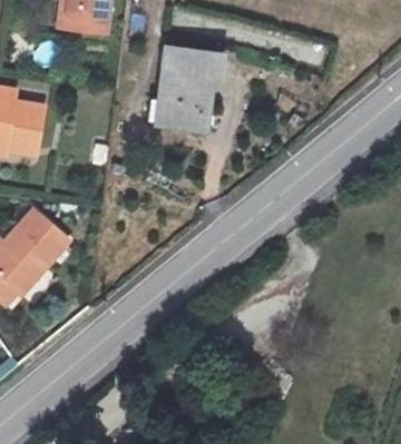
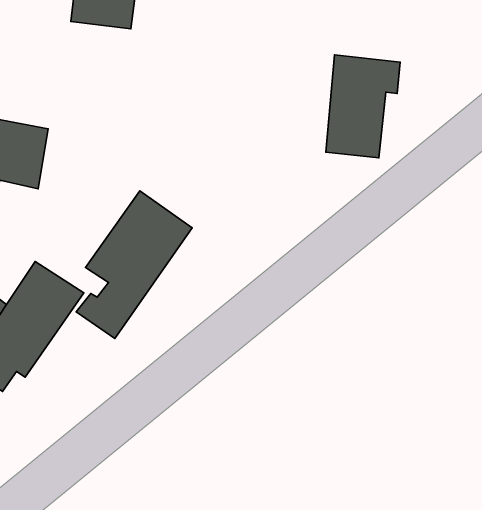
building: [158,46,216,126] -> [326,55,400,158]
building: none -> [76,191,192,339]

